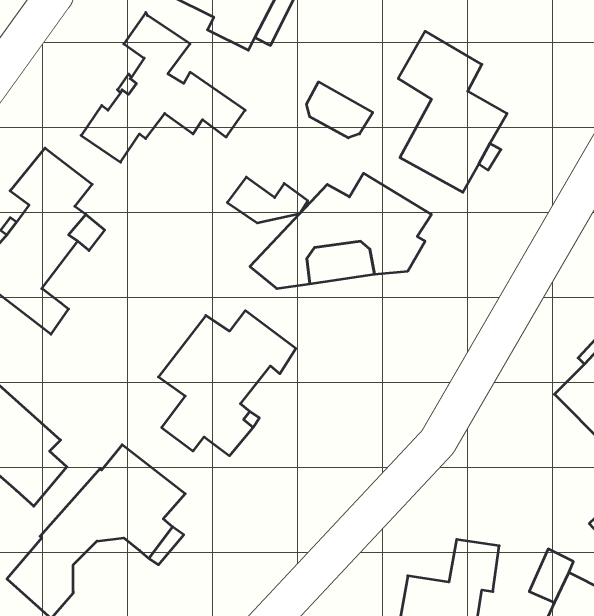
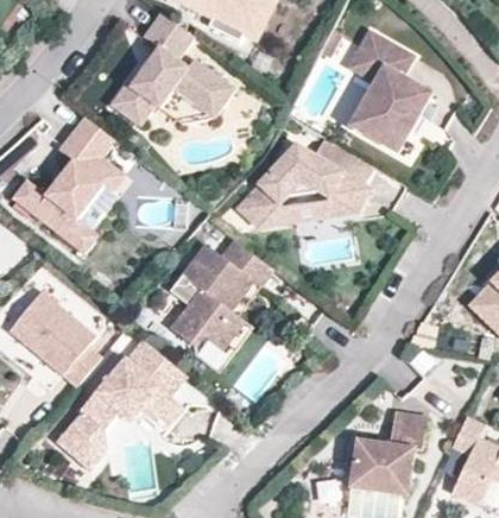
building: [307,82,373,138] -> none
building: [227,177,308,223] -> [159,90,220,125]

